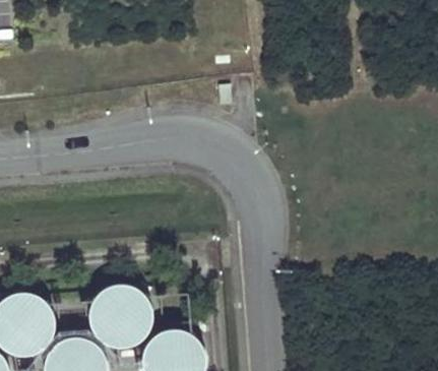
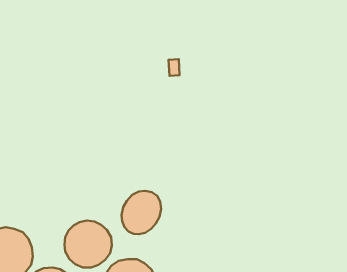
building: none -> [121,191,161,234]

